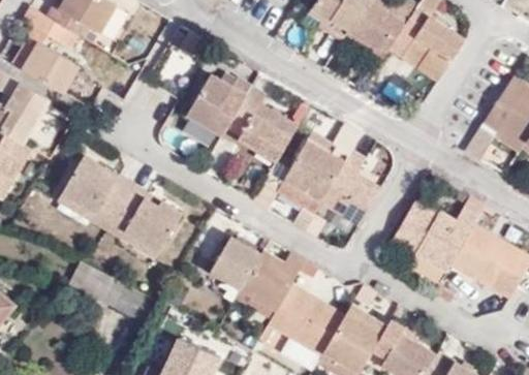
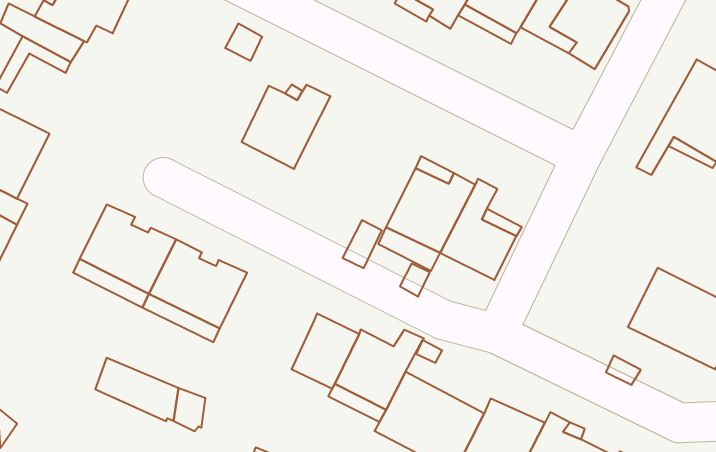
building: [23,42,82,94] -> none
building: [235,87,295,165] -> none
building: [391,195,486,281] -> none

